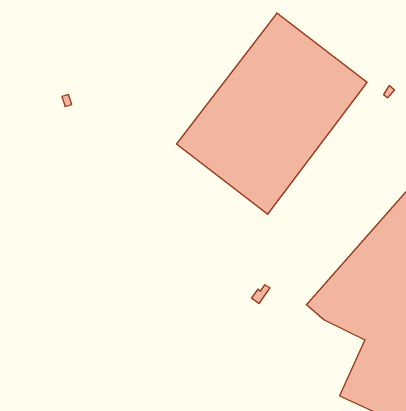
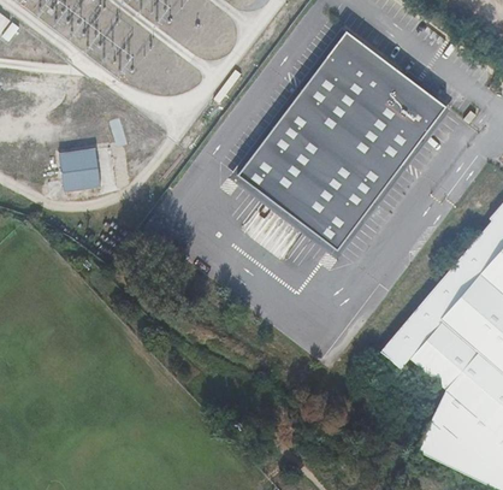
building: none -> [61,148,102,191]

